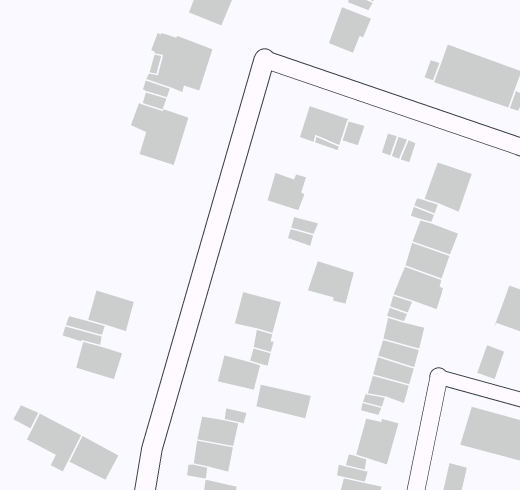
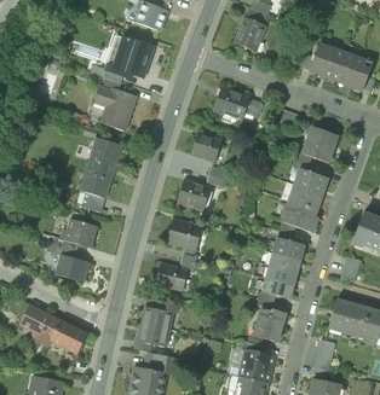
building: none -> [76,136,122,211]
building: [307,260,355,305] -> [177,179,211,210]
building: [255,384,312,419] -> none

